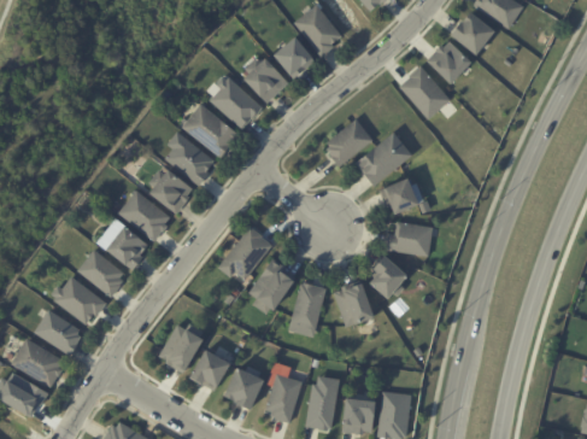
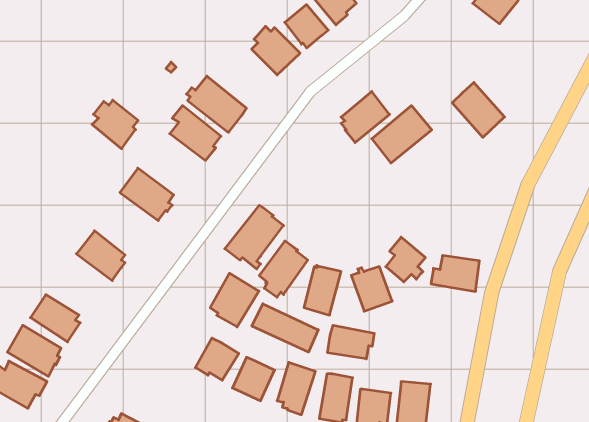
building: [427,42,471,84] -> none
building: [400,66,450,118] -> [452,82,505,137]
building: [206,76,263,128] -> none
building: [148,169,192,215] -> [92,100,138,149]
building: [380,178,424,213] -> none
building: [99,219,147,269] -> none
building: [387,222,433,256] -> [431,256,479,291]
building: [52,277,105,323] -> none
building: none -> [252,304,318,352]
building: [159,321,205,371] -> [210,273,259,327]
building: none -> [328,325,374,359]

